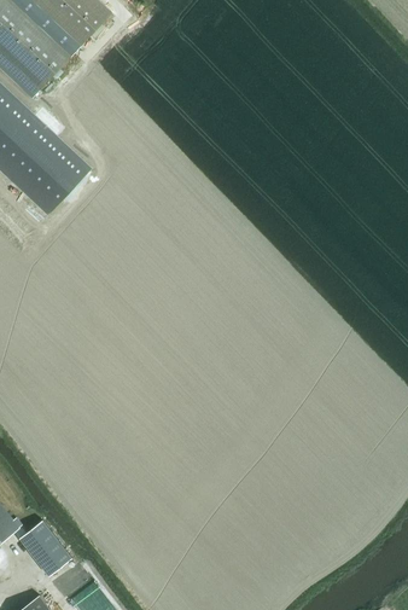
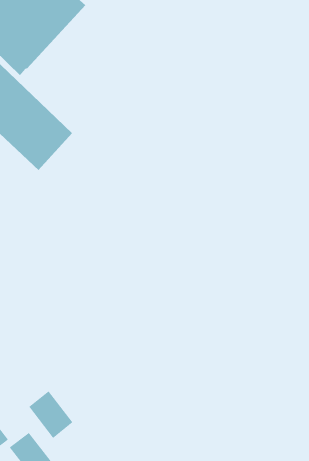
building: none -> [28,390,73,439]

